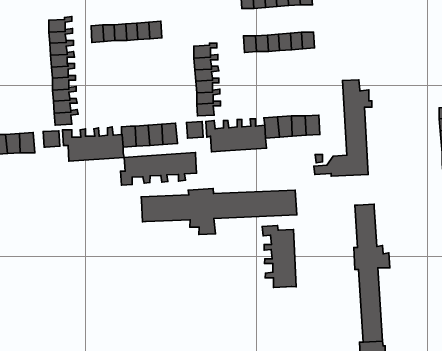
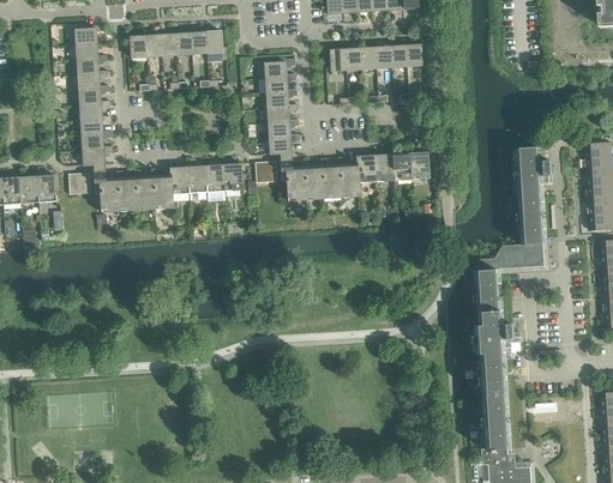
building: [314,80,372,176] -> [476,146,552,272]
building: [120,153,196,185] -> none
building: [141,189,297,234] -> none
building: [262,226,296,288] -> none

